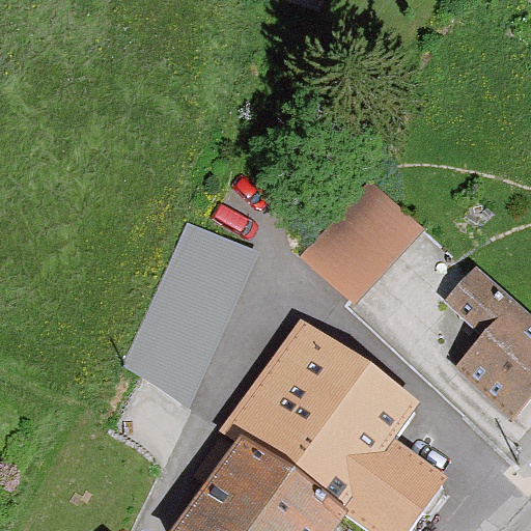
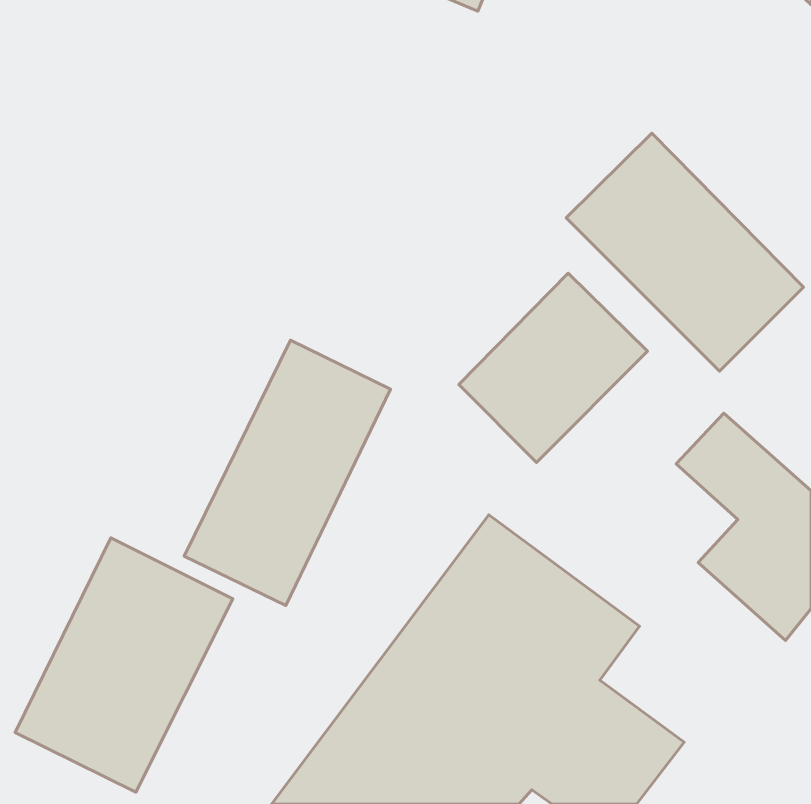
building: none -> [566,133,804,371]
building: none -> [15,538,233,792]

